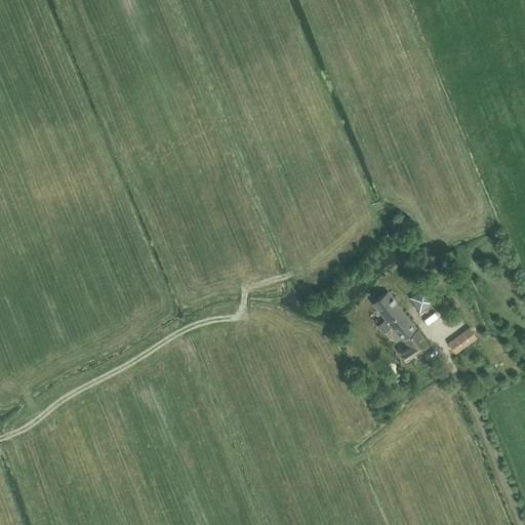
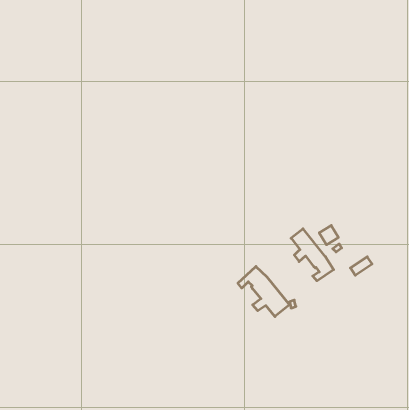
building: none -> [238,266,289,317]

